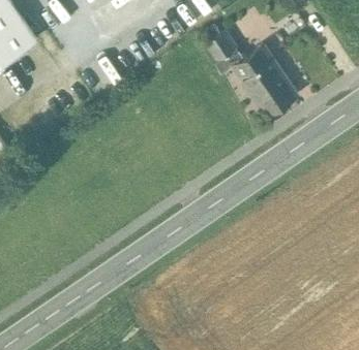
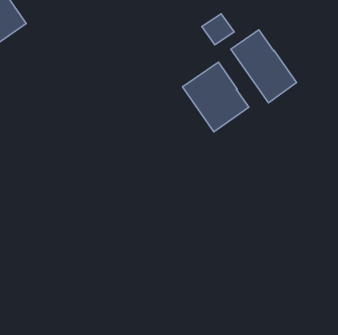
building: none -> [182,62,249,132]

